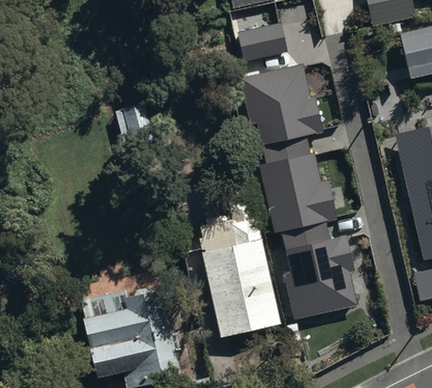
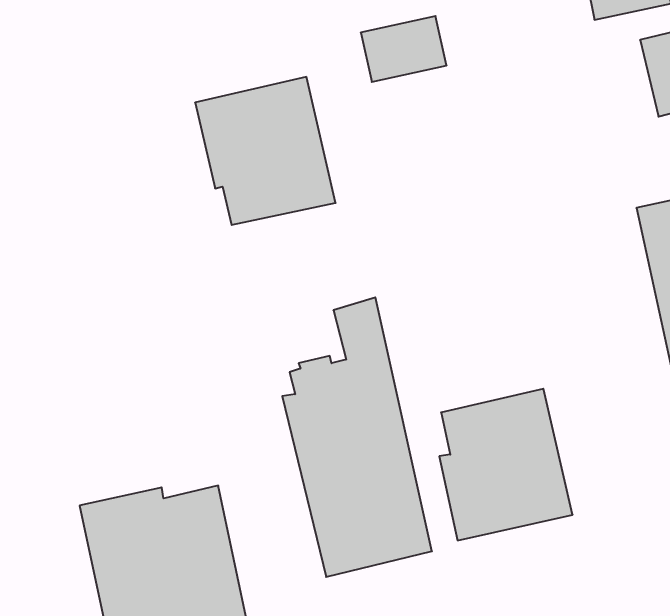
building: [241,61,321,145] -> [195,77,336,225]
building: [260,149,332,231] -> none

